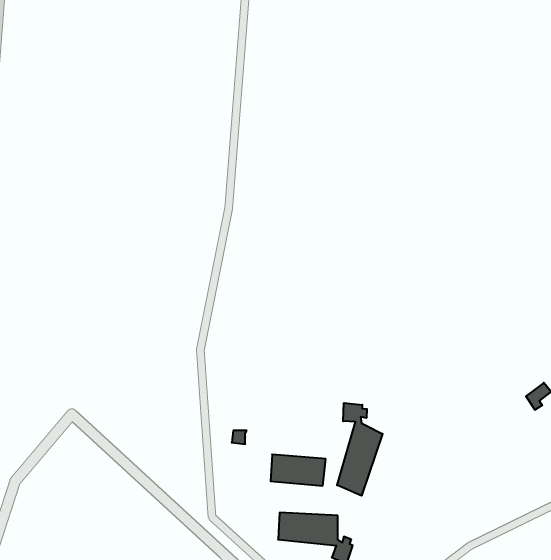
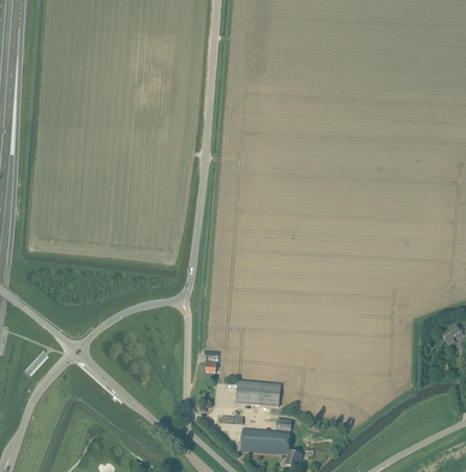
building: [337,403,383,496] -> none

